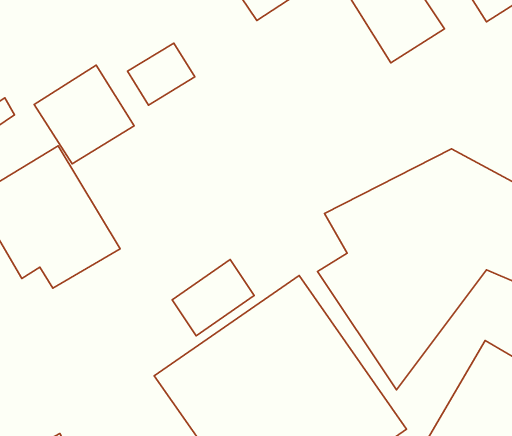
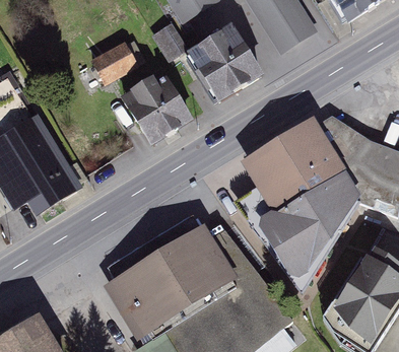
building: none -> [154,21,262,102]
building: [34,65,134,164] -> [123,74,195,145]
building: [172,260,254,336] -> none

